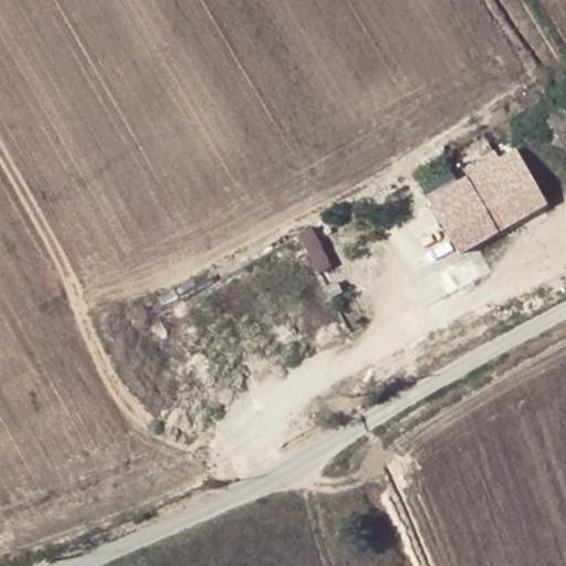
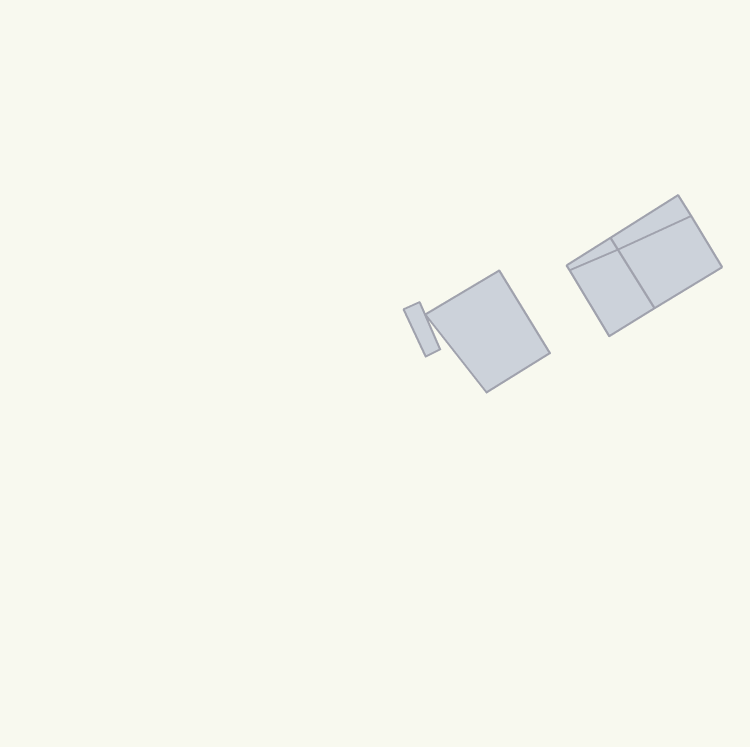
building: none -> [425,270,550,393]

